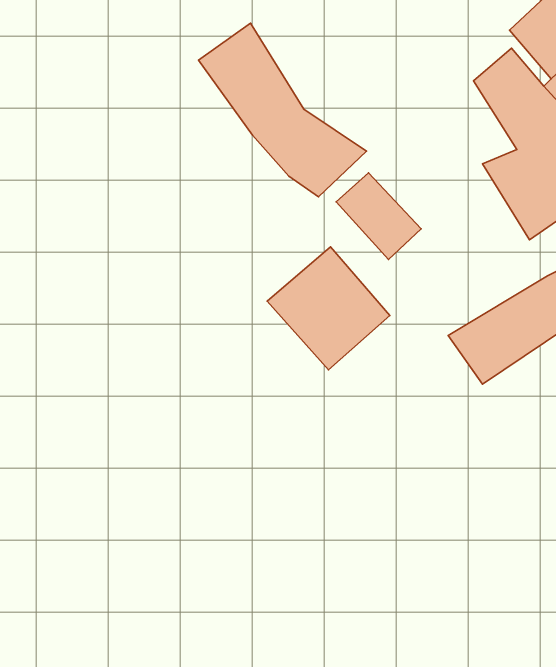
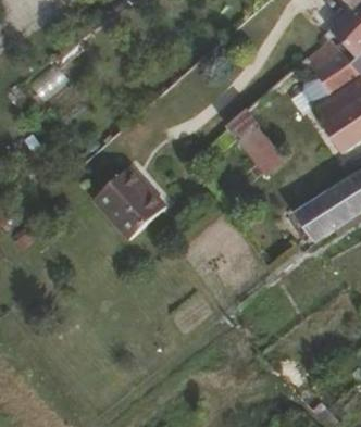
building: [199,23,367,197] -> none
building: [267,247,390,370] -> [92,165,166,239]

